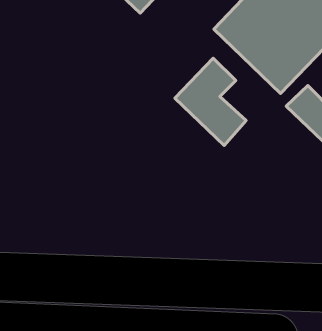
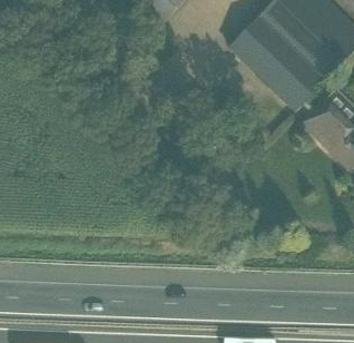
building: [175,58,246,146] -> none

